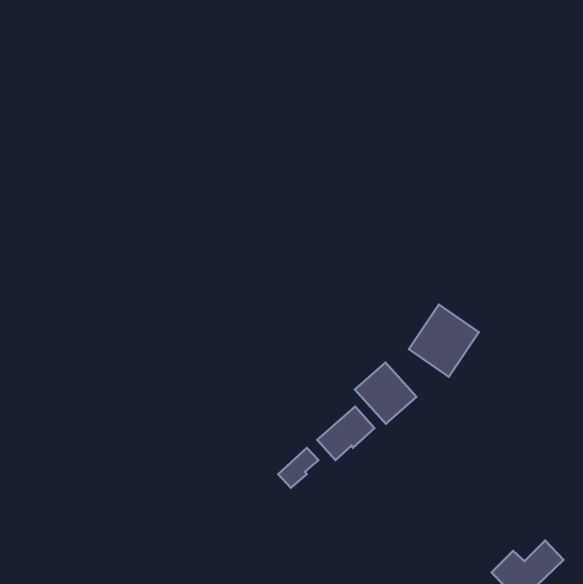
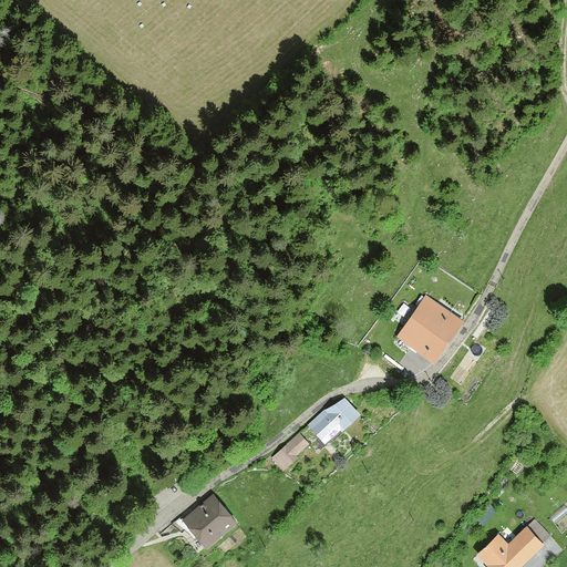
building: [355,363,416,424] -> none
building: none -> [181,493,237,548]

